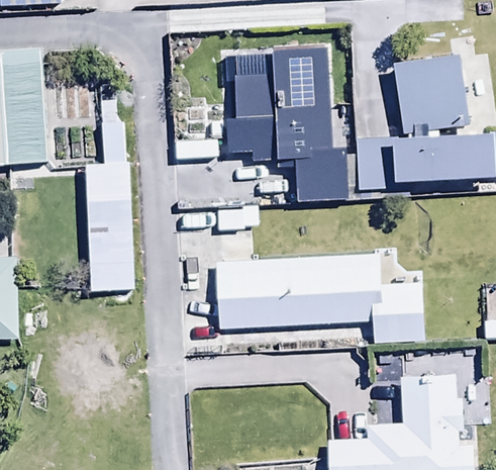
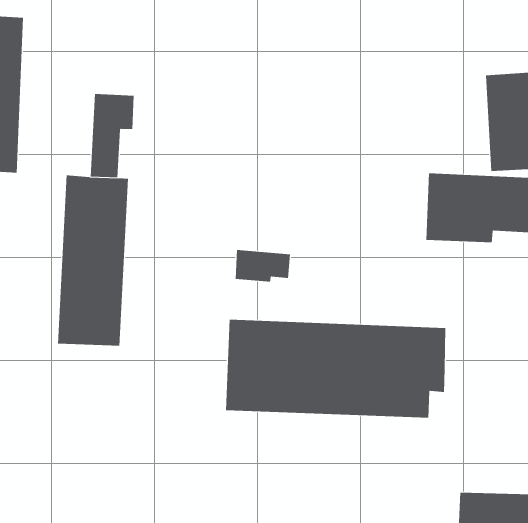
building: [224,46,348,200] -> none
building: [371,283,423,345] -> none

